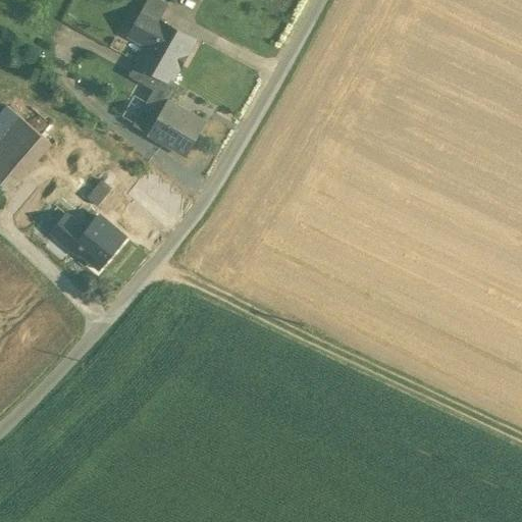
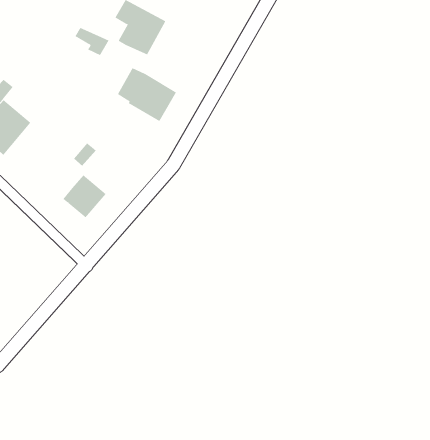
building: [138,67,177,100] -> [75,27,109,56]
building: [5,115,48,156] -> none
building: [50,215,83,253] -> none

